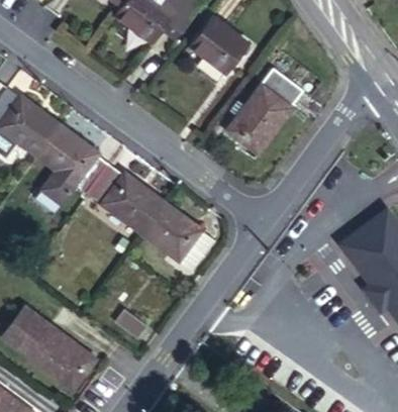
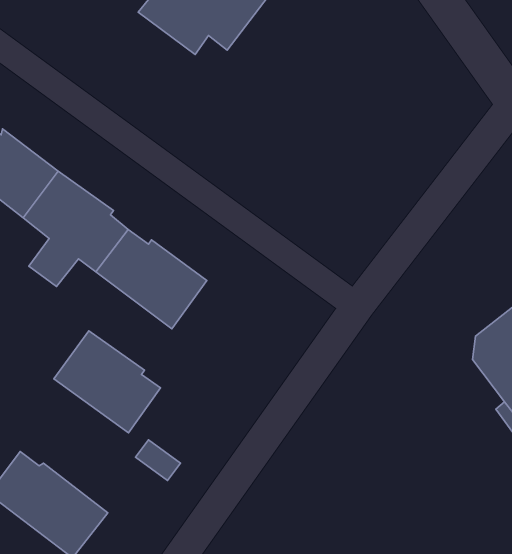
building: [194,17,256,76] -> none
building: [224,68,301,151] -> none
building: [137,199,211,270] -> [54,331,160,433]

